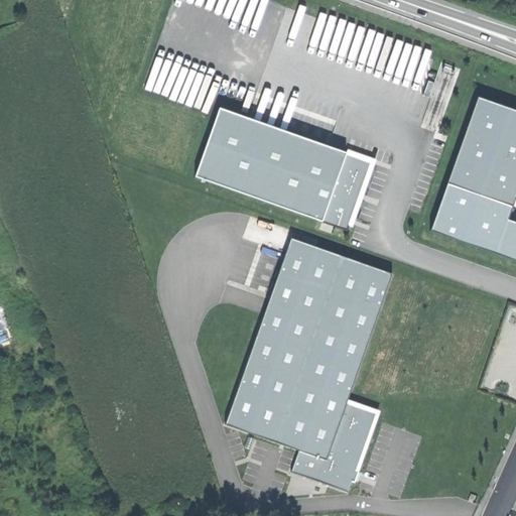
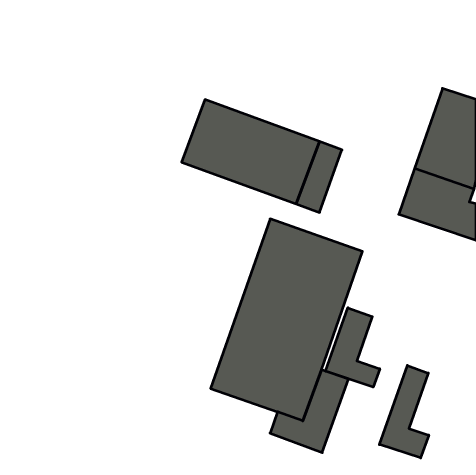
building: none -> [326,308,380,387]
building: none -> [379,365,429,458]

